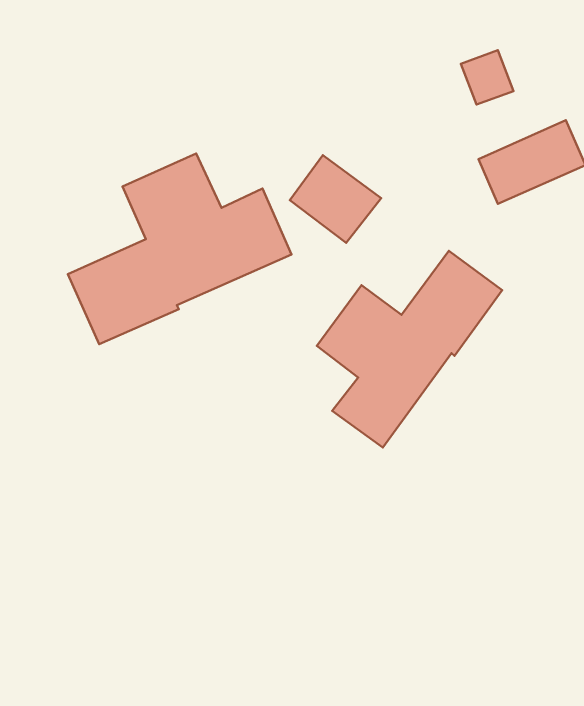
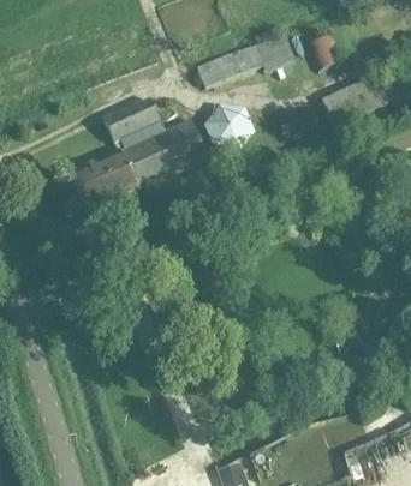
building: none -> [195,34,293,88]
building: [317,251,502,448] -> none

